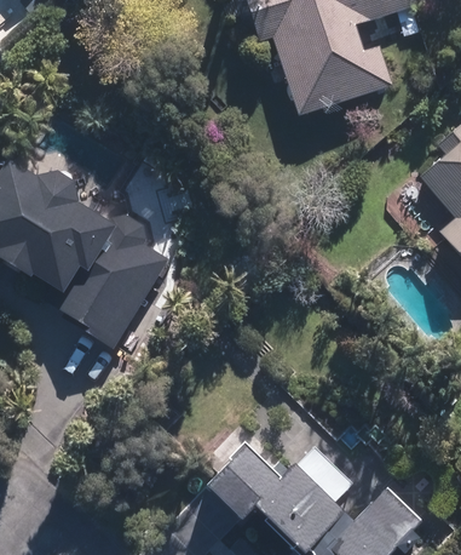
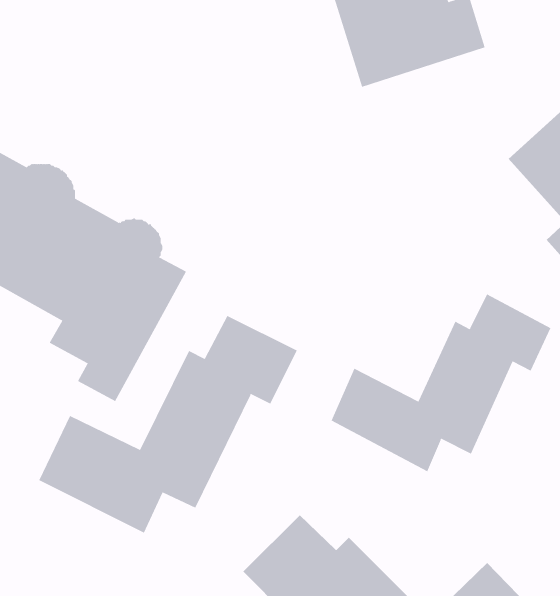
building: none -> [331,294,551,472]
building: none -> [39,315,298,533]

